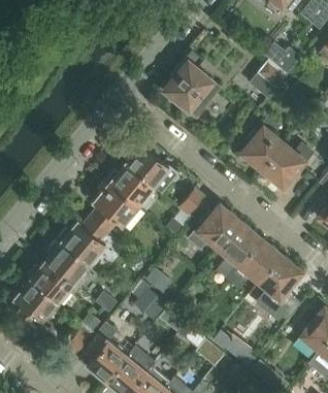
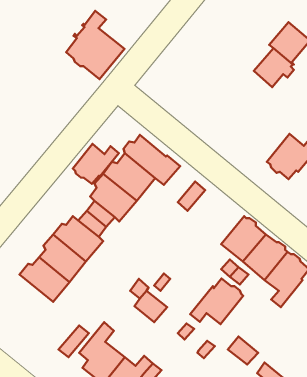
building: [164,52,220,117] -> [66,11,125,79]
building: [240,117,283,170] -> none
building: none -> [73,144,119,184]
building: [189,205,239,249] -> [190,279,243,324]
building: [13,277,58,323] -> none

